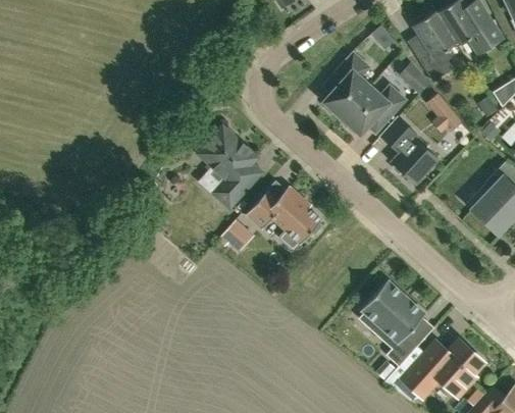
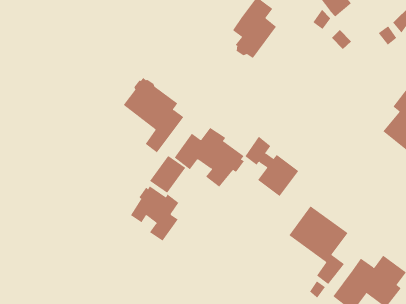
building: [342,86,406,134] -> none
building: [380,116,437,184] -> [244,136,299,197]
building: none -> [130,185,179,241]

